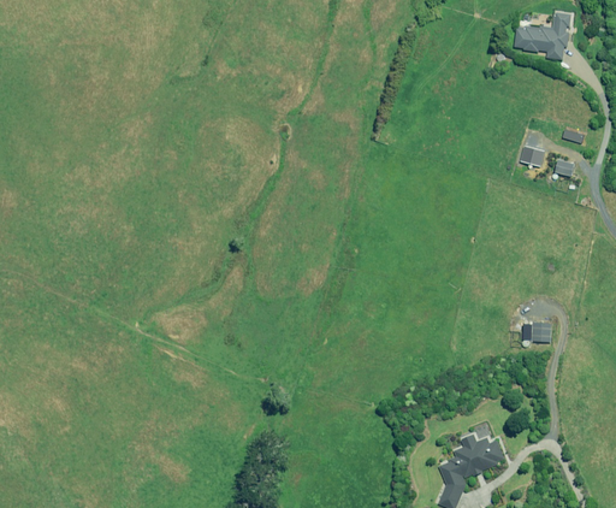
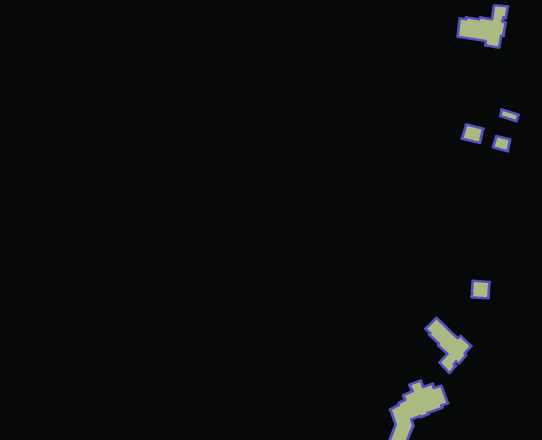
building: none -> [425,318,471,373]

